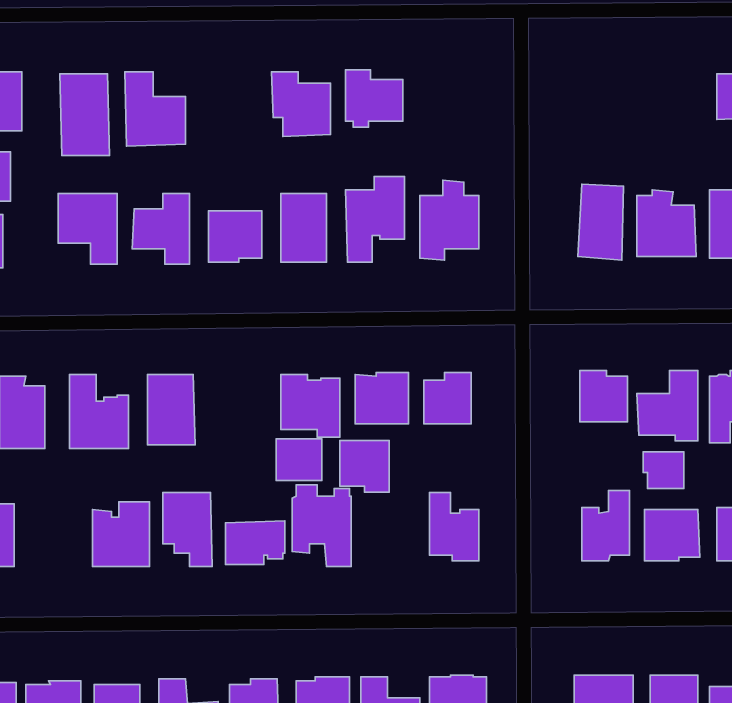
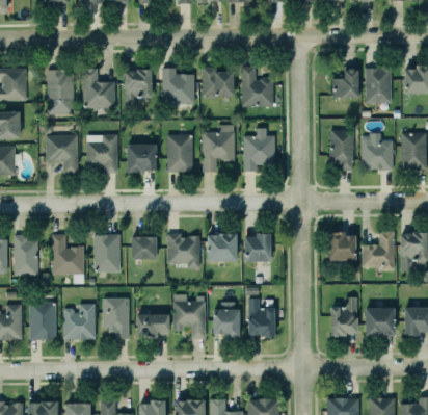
building: none -> [333,66,359,98]
building: none -> [366,66,392,104]
building: none -> [242,67,273,106]
building: none -> [125,70,152,106]
building: [276,439,322,481] -> [132,236,157,259]
building: [340,441,389,492] -> [213,309,240,337]
building: [643,452,684,488] -> none
building: none -> [29,302,56,340]

